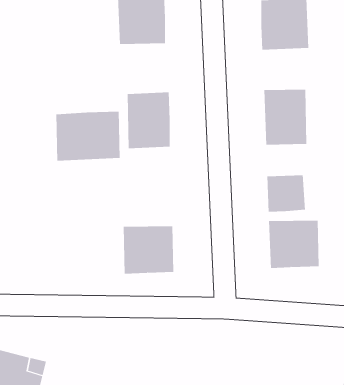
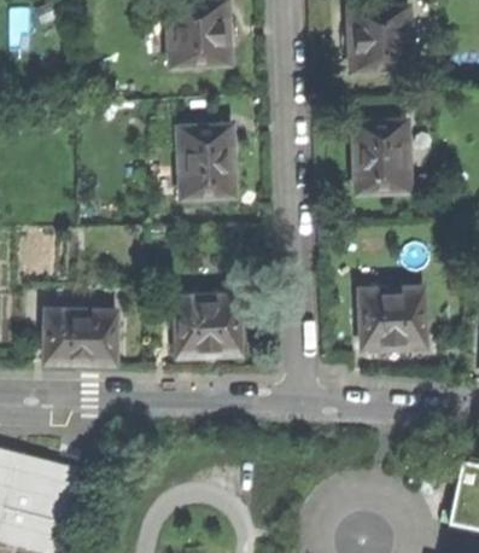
building: [56,111,120,162] -> none
building: [267,175,305,212] -> none
building: none -> [43,309,116,363]

